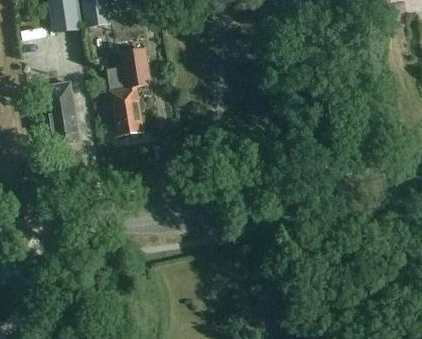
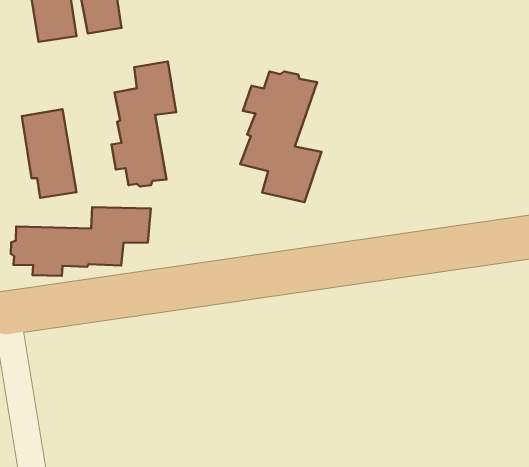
building: none -> [240,72,321,202]
building: none -> [11,207,151,276]

